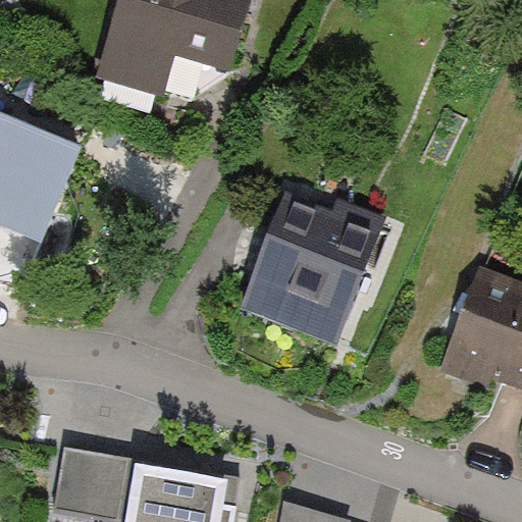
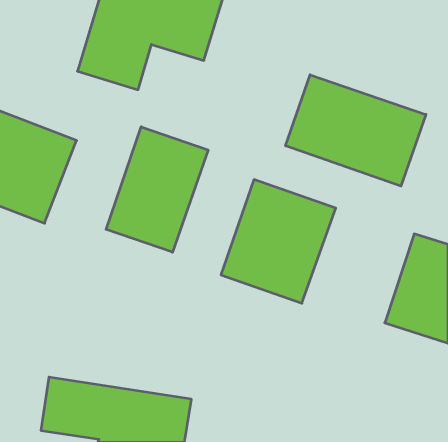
building: none -> [286,75,426,186]
building: none -> [106,127,208,252]

